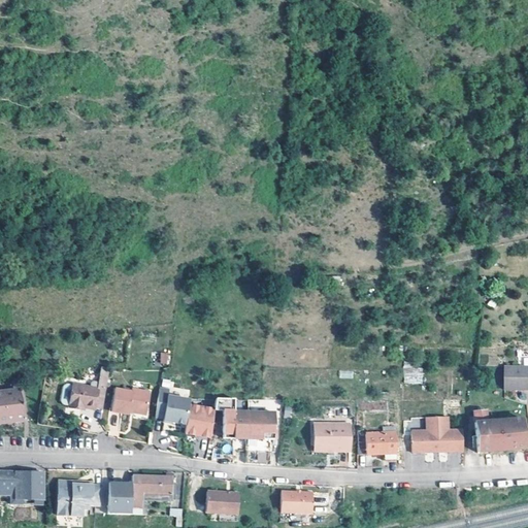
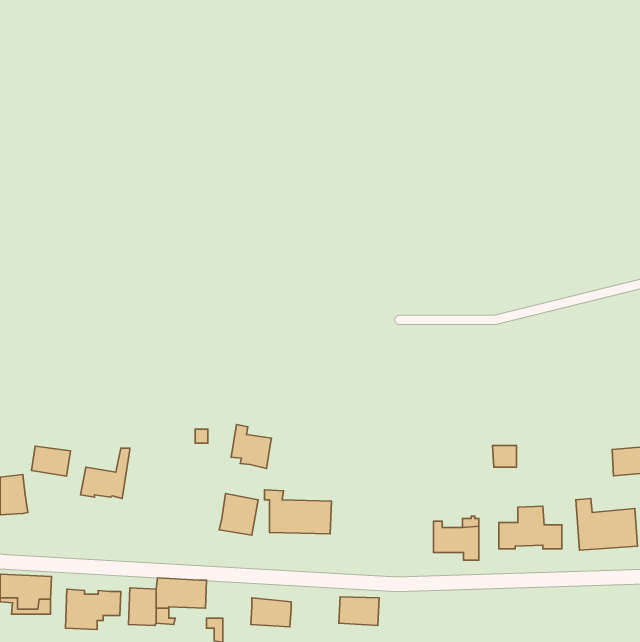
building: none -> [31,446,70,476]
building: [110,388,150,414] -> none
building: [156,389,189,425] -> [231,424,272,468]
building: [315,422,351,450] -> none

